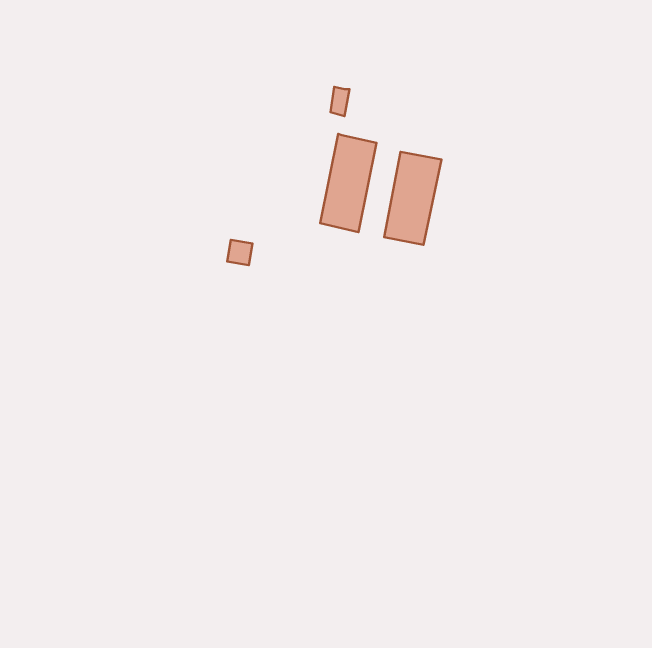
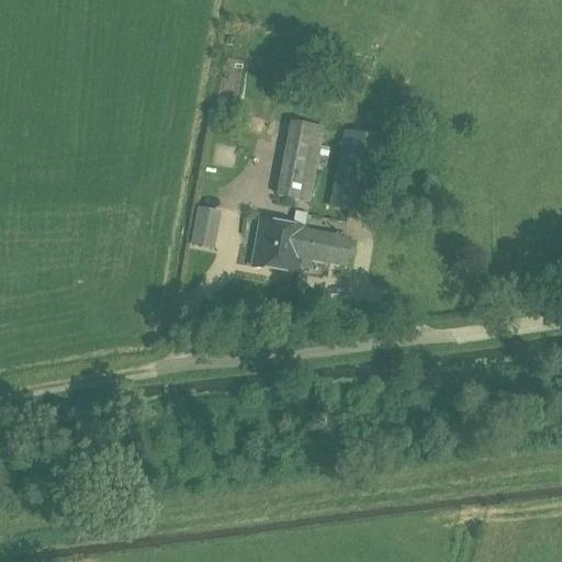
building: none -> [252,218,349,271]

